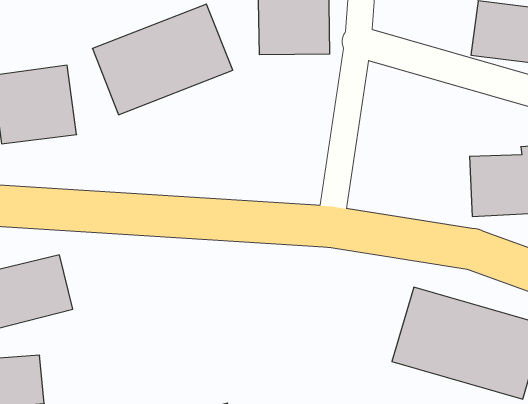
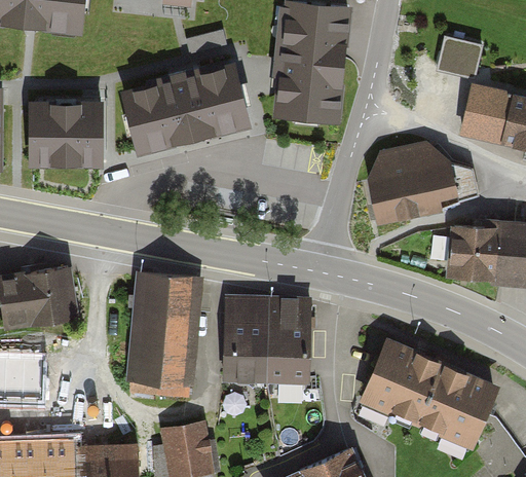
building: none -> [368,143,479,224]
building: none -> [128,272,203,390]
building: none -> [224,297,311,384]

